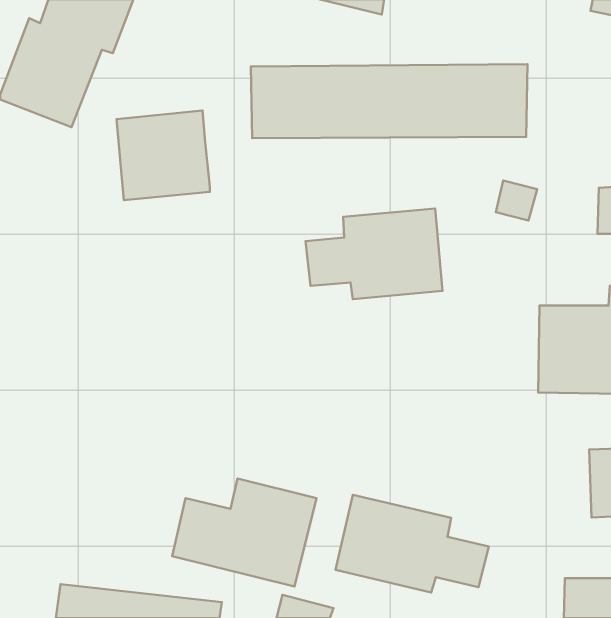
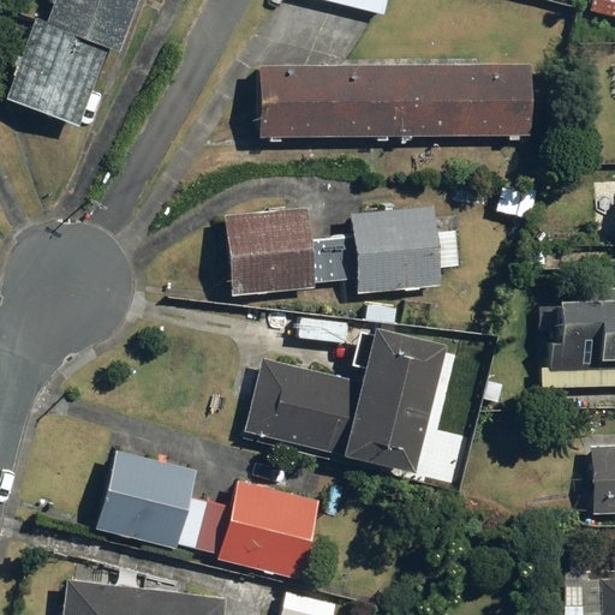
building: [117,111,210,200] -> [223,208,316,297]
building: none -> [247,330,442,474]
building: none -> [96,449,198,551]
building: [336,495,489,592] -> none

